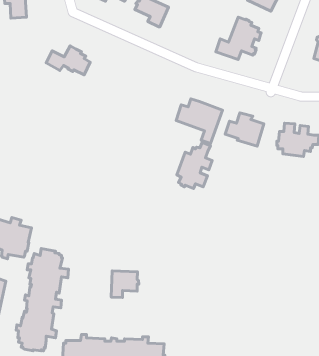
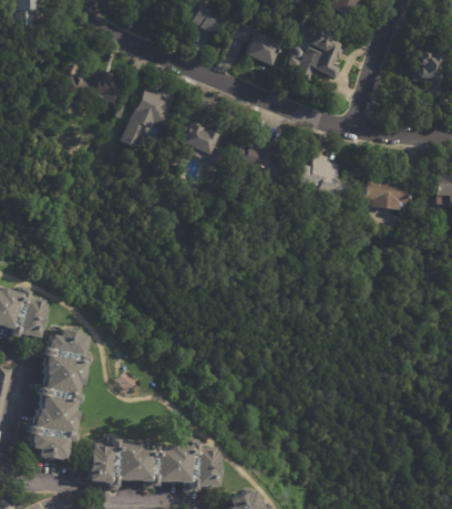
building: none -> [235,22,280,67]
building: none -> [123,85,178,146]
building: none -> [177,120,226,164]
building: [177,142,212,188] -> none
building: [111,271,139,297] -> none

